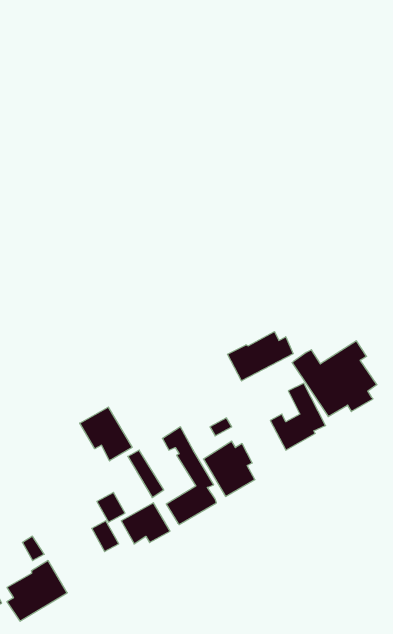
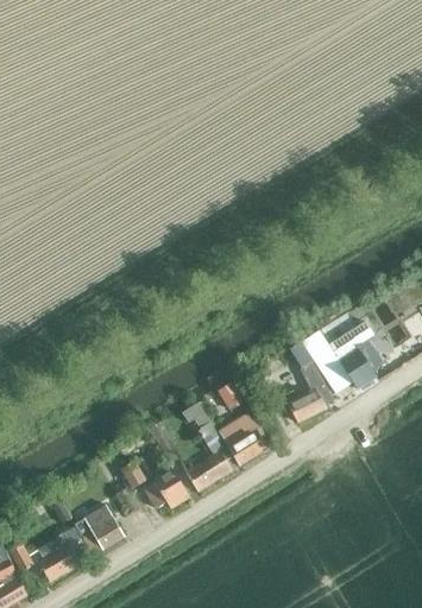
building: [228,332,293,381] -> none
building: [80,407,132,461] -> none
building: none -> [75,505,122,553]

